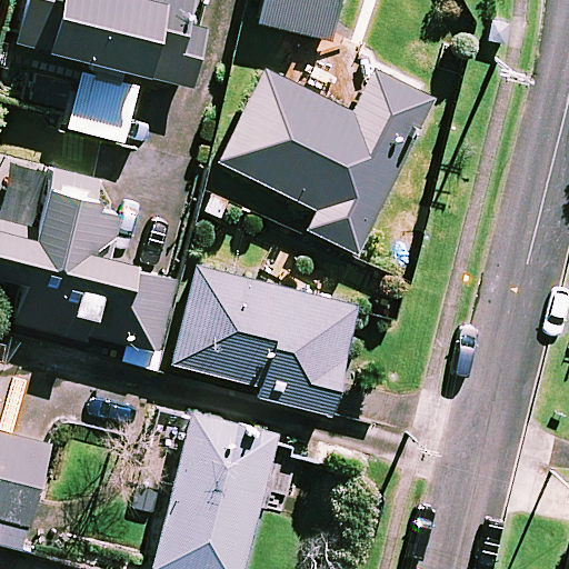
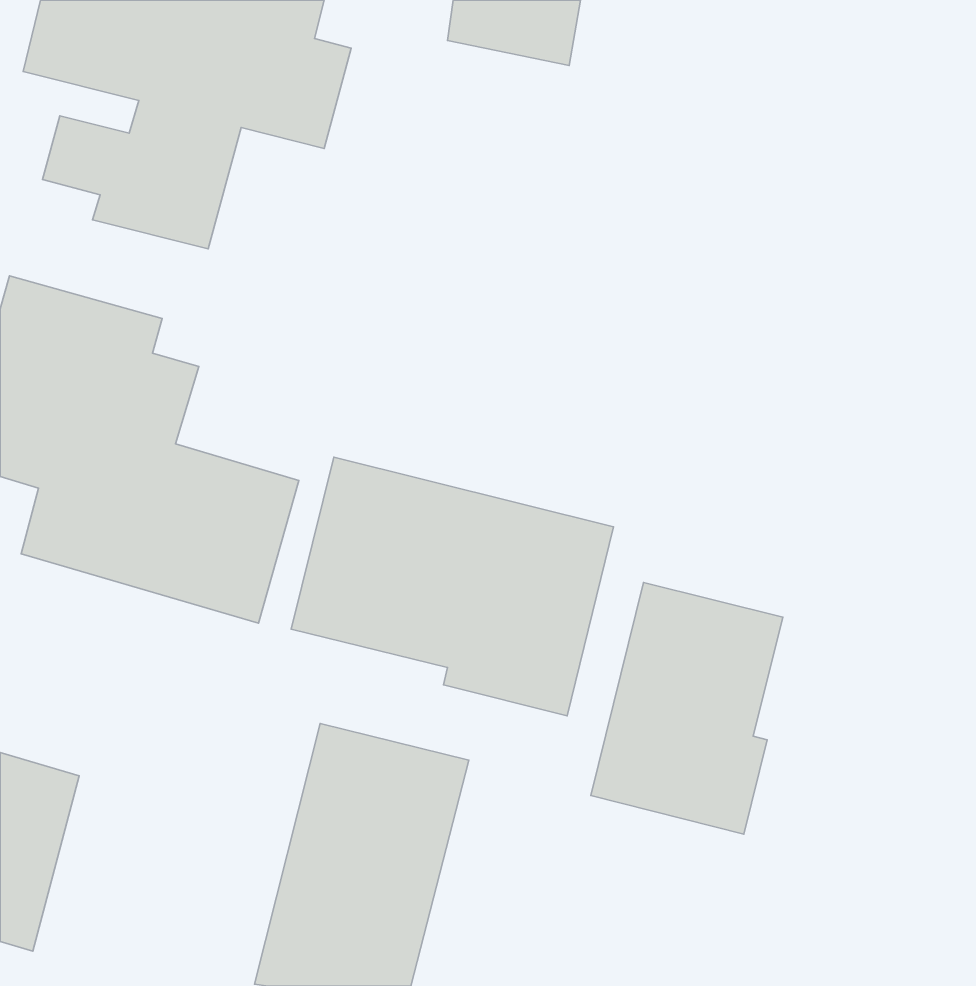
building: [220,63,433,252] -> none
building: none -> [591,583,783,834]

